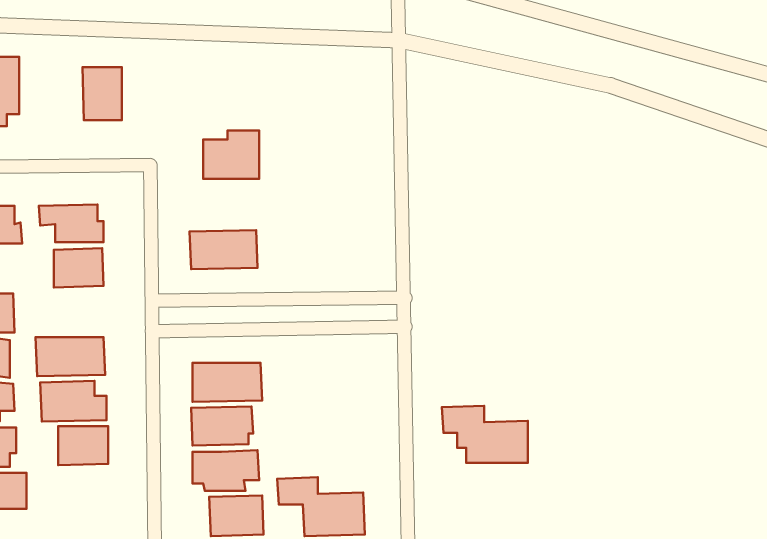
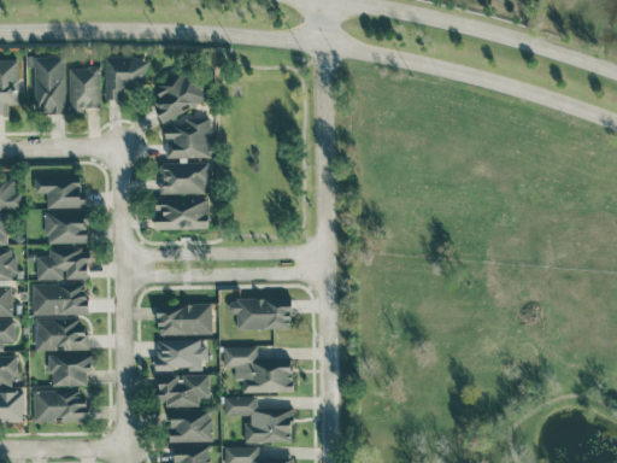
building: none -> [34,57,65,115]
building: none -> [105,58,145,101]
building: none -> [155,77,205,121]
building: none -> [159,163,210,195]
building: none -> [36,250,88,281]
building: none -> [228,299,290,332]
building: [442,406,528,463] -> [223,347,292,393]
building: none -> [35,392,88,423]

